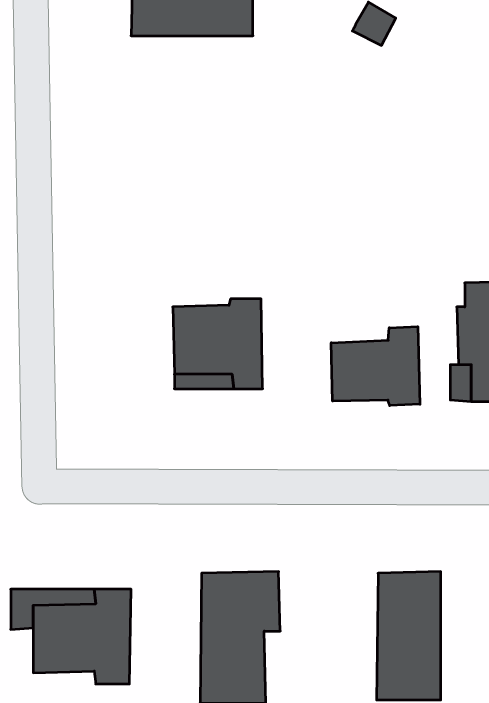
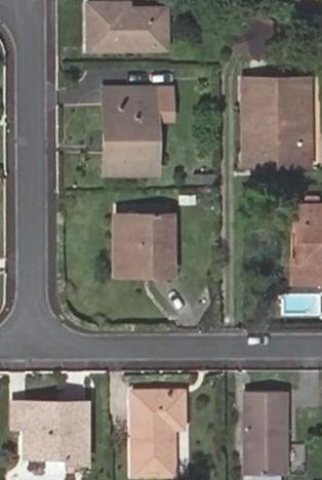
building: none -> [247,81,308,162]
building: none -> [105,87,157,170]
building: [331,327,420,406] -> none

